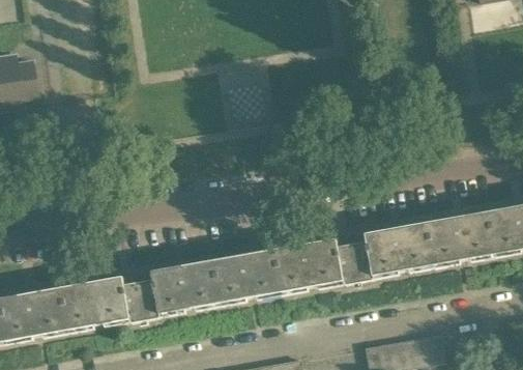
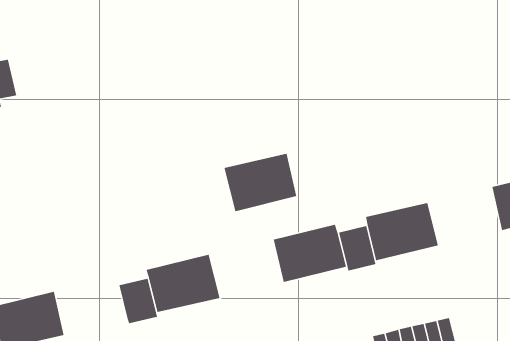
building: [426,210,495,264] -> none
building: [212,249,282,303] -> [224,153,297,212]
building: [61,276,129,330] -> none

